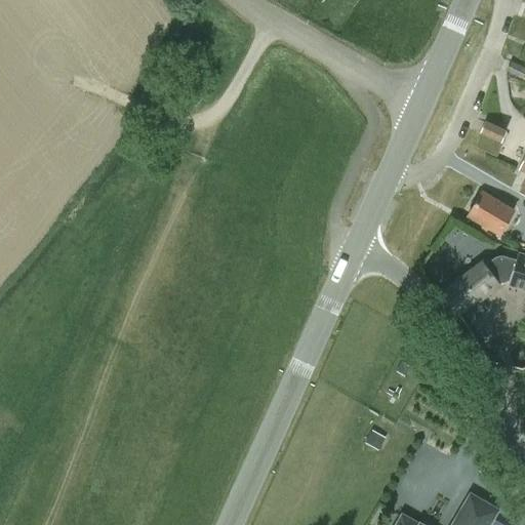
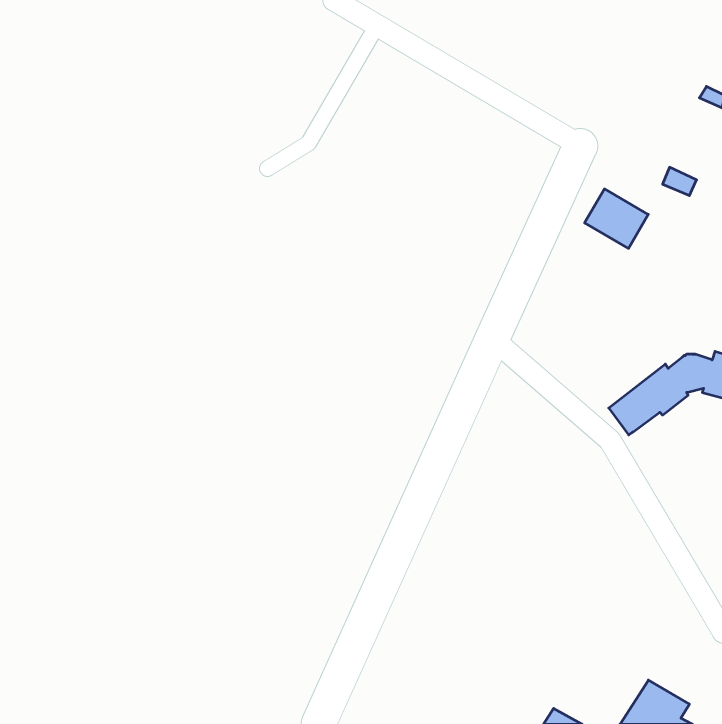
building: [469,192,515,235] -> [585,189,648,248]

